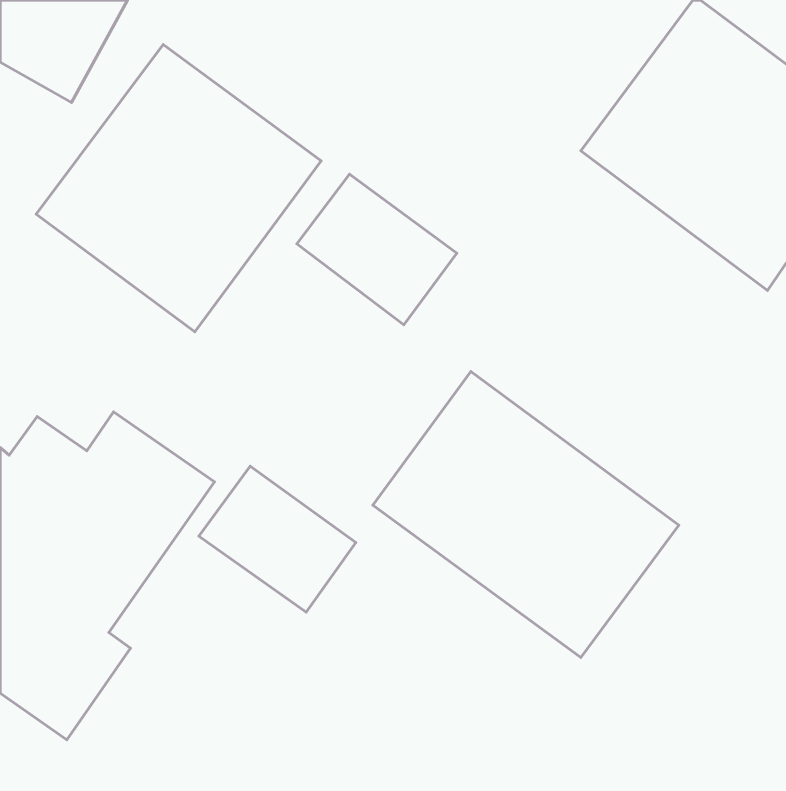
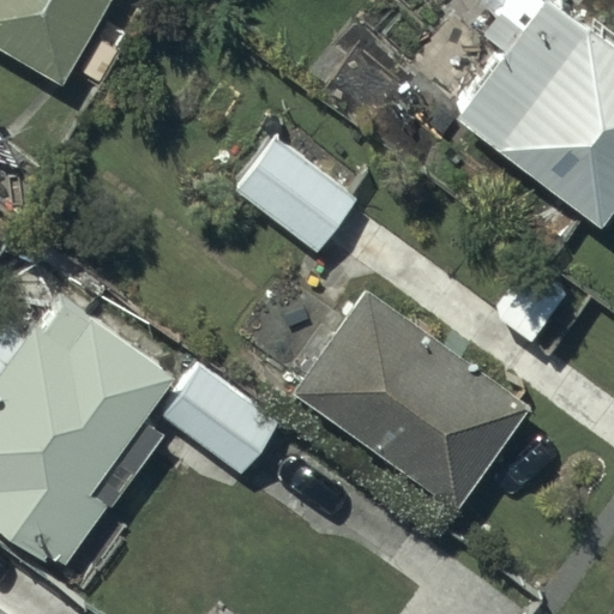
building: [36,45,321,332] -> none

